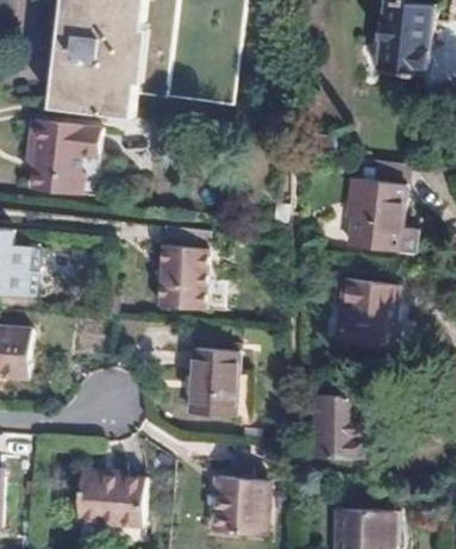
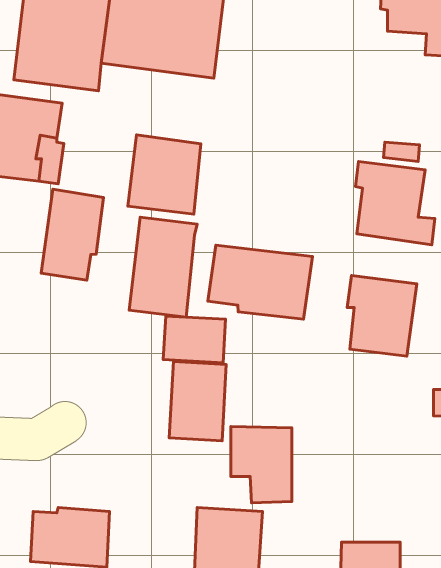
building: none -> [128,135,201,214]
building: none -> [41,189,103,280]
building: none -> [208,245,313,319]
building: none -> [163,316,226,363]
building: [310,392,362,457] -> [231,427,292,503]

